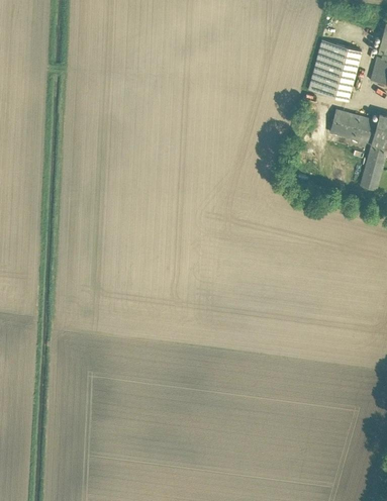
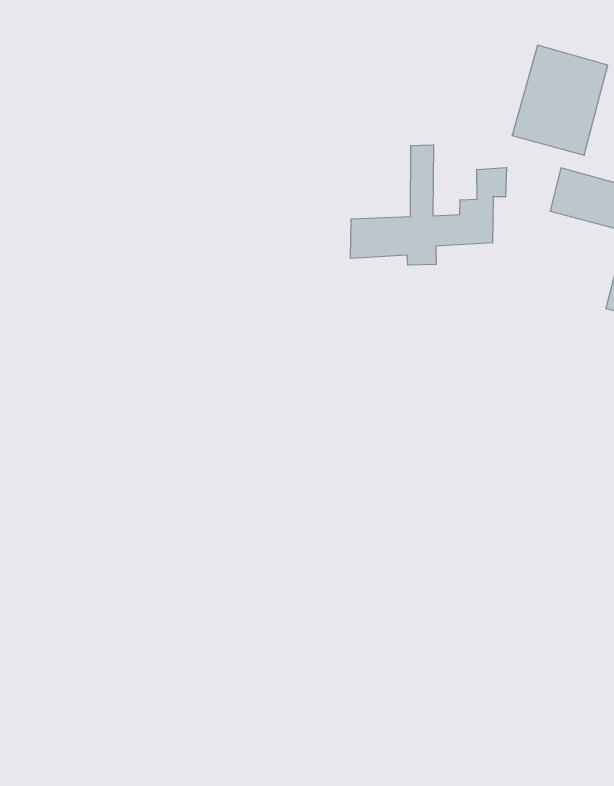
building: none -> [351,145,507,265]

